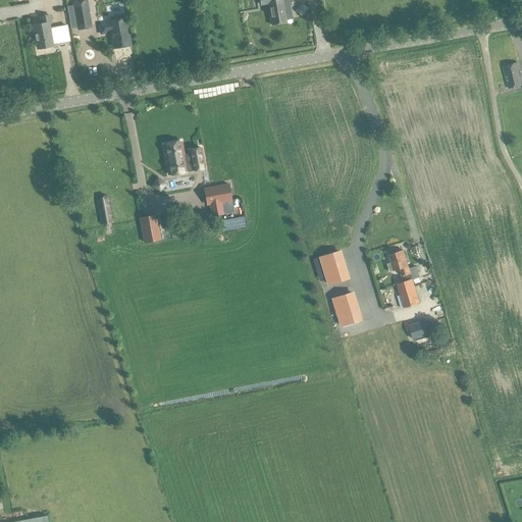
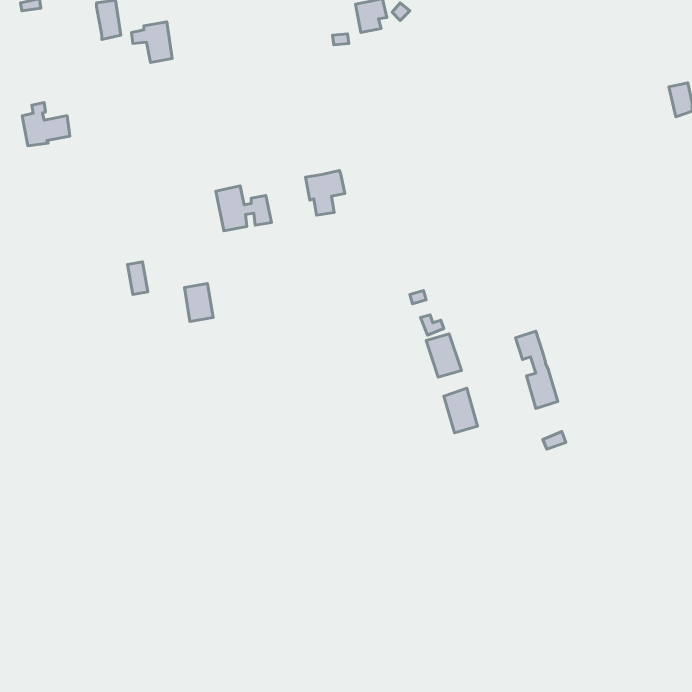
building: [33,14,68,47] -> [22,102,70,146]
building: [202,182,231,216] -> [306,170,345,215]

